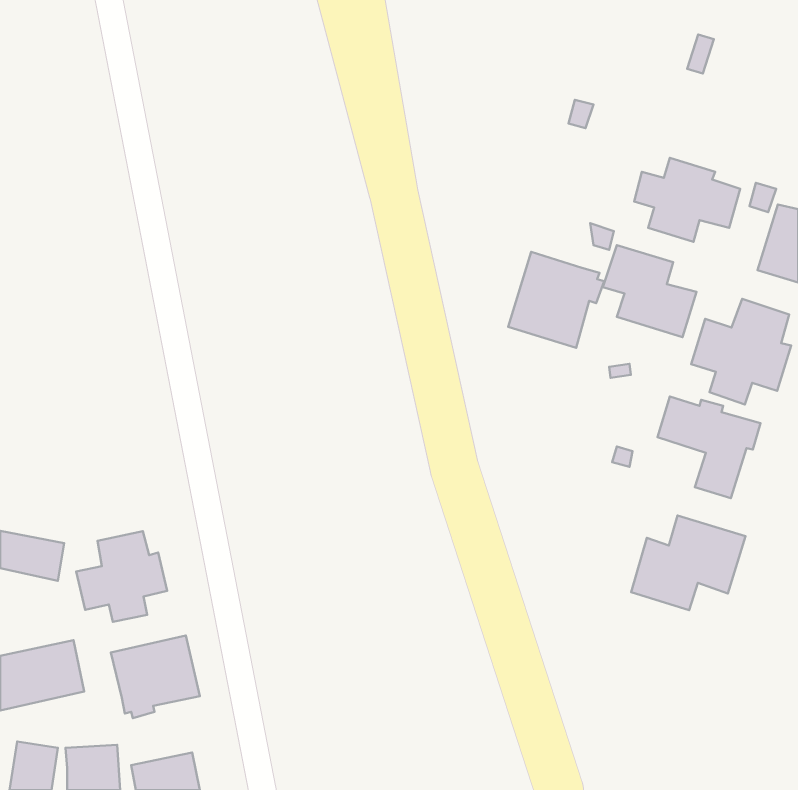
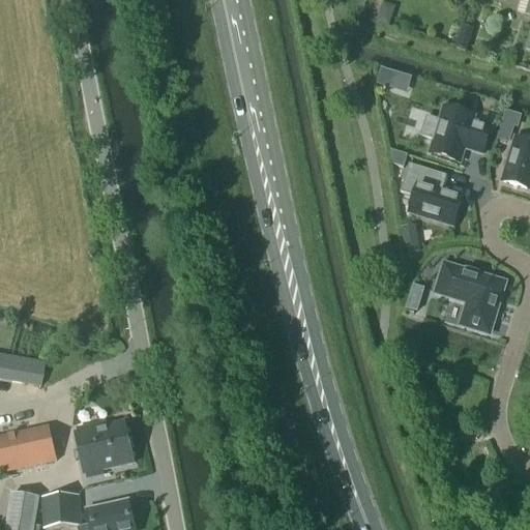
building: [508,252,604,348] -> none
building: [691,299,791,405] -> none
building: [631,515,745,610] -> none
building: [76,531,167,622] -> none

